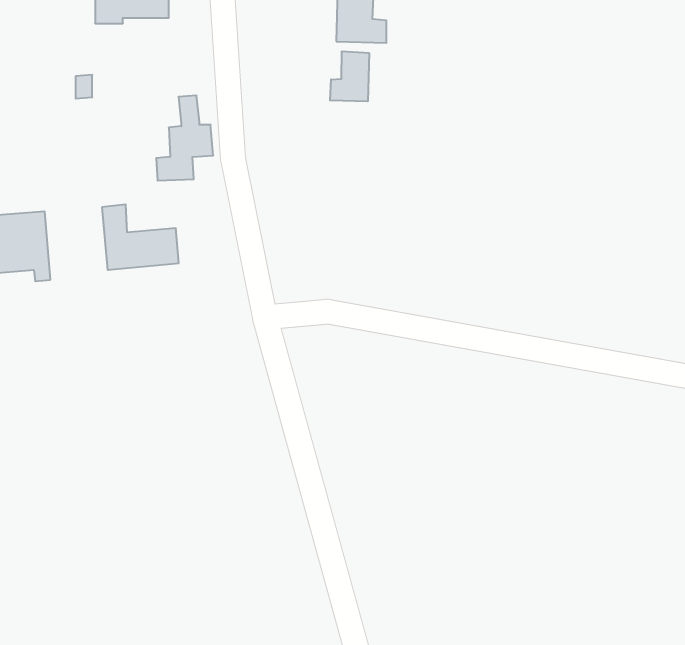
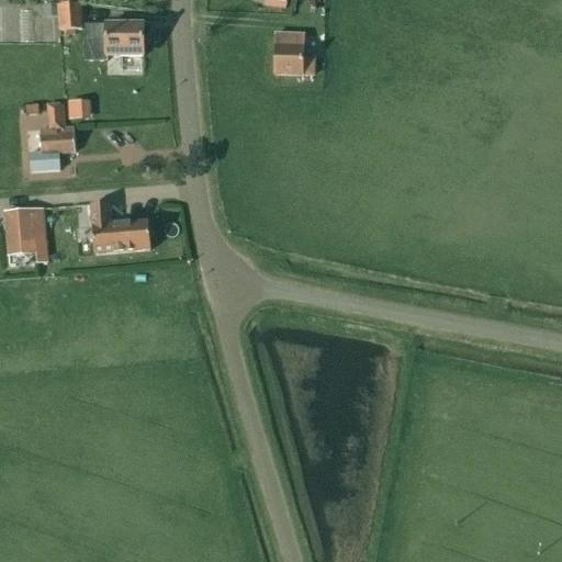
building: [330,51,369,101] -> none
building: [156,96,213,181] -> [30,101,75,168]

